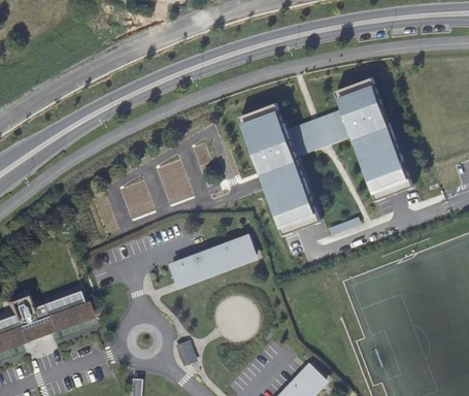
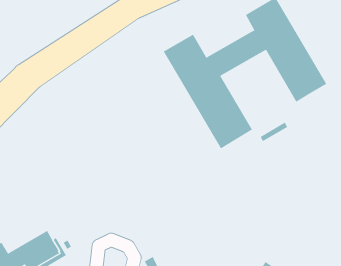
building: [172,238,254,285] -> none

